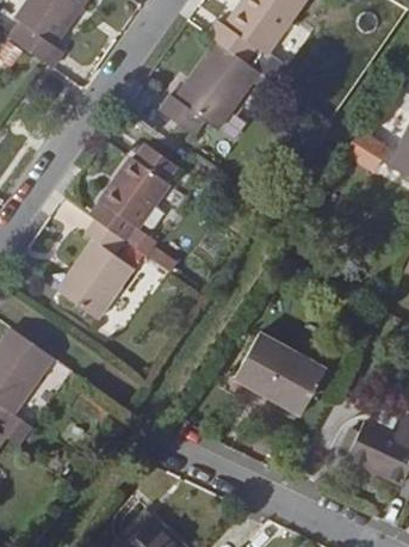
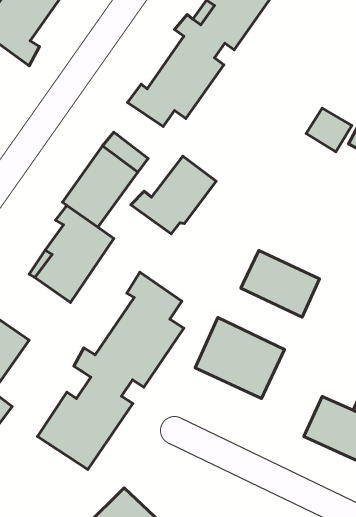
building: none -> [131,156,216,234]
building: none -> [241,251,320,317]
building: none -> [37,272,184,470]

